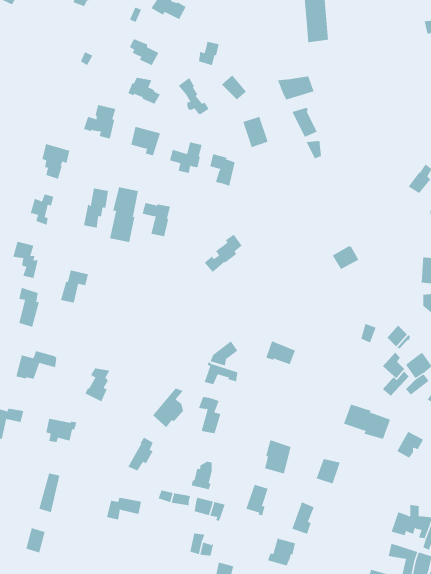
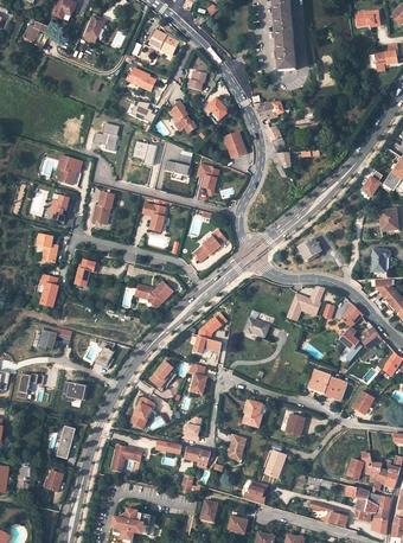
building: [110,187,138,243] -> none
building: none -> [134,281,173,307]
building: none -> [286,286,322,319]

